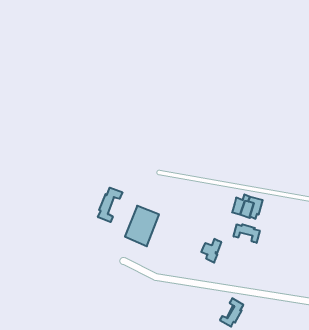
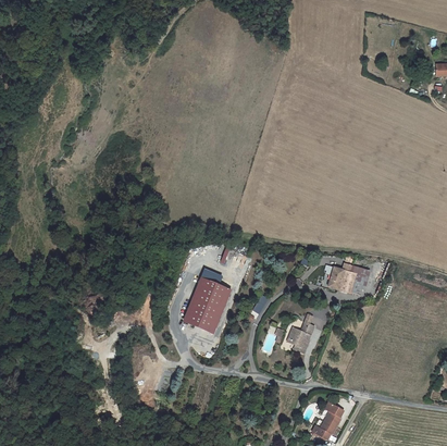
building: [98,188,122,222] -> none
building: [234,224,260,243] -> none

